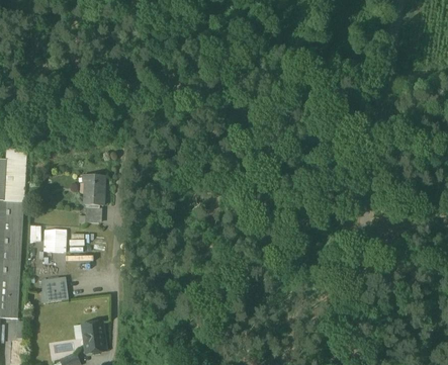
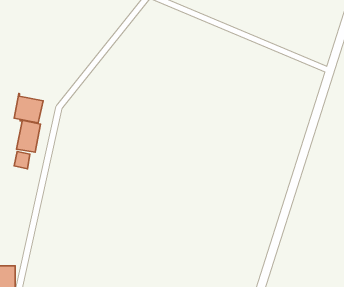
building: none -> [14,94,43,123]

